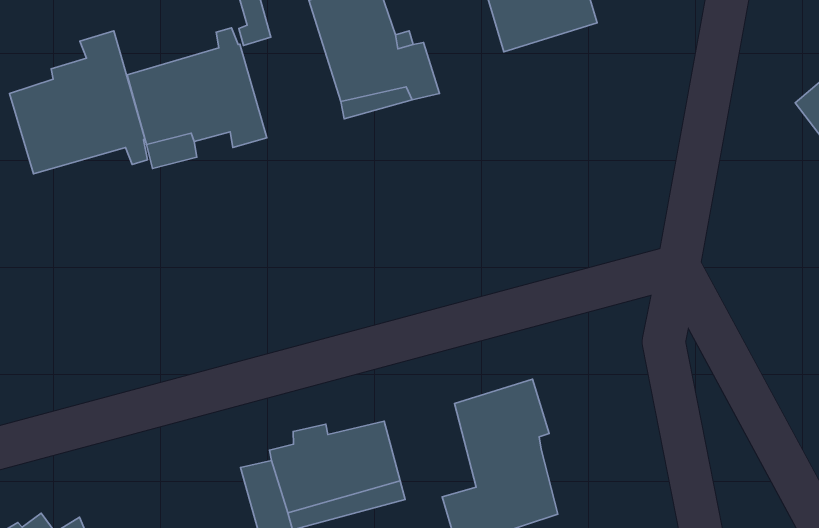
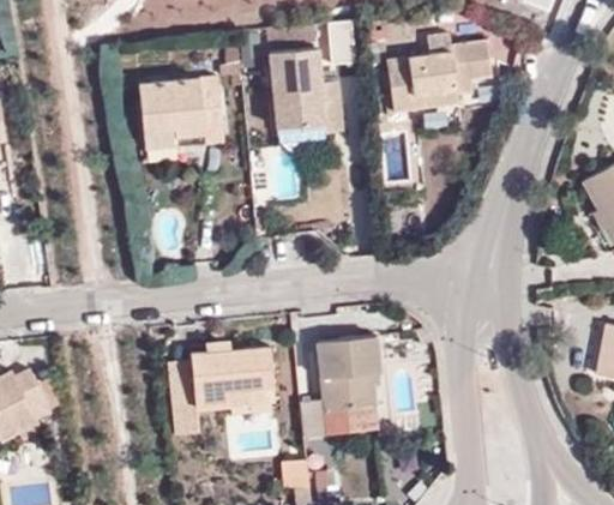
building: [10,31,148,174] -> none

